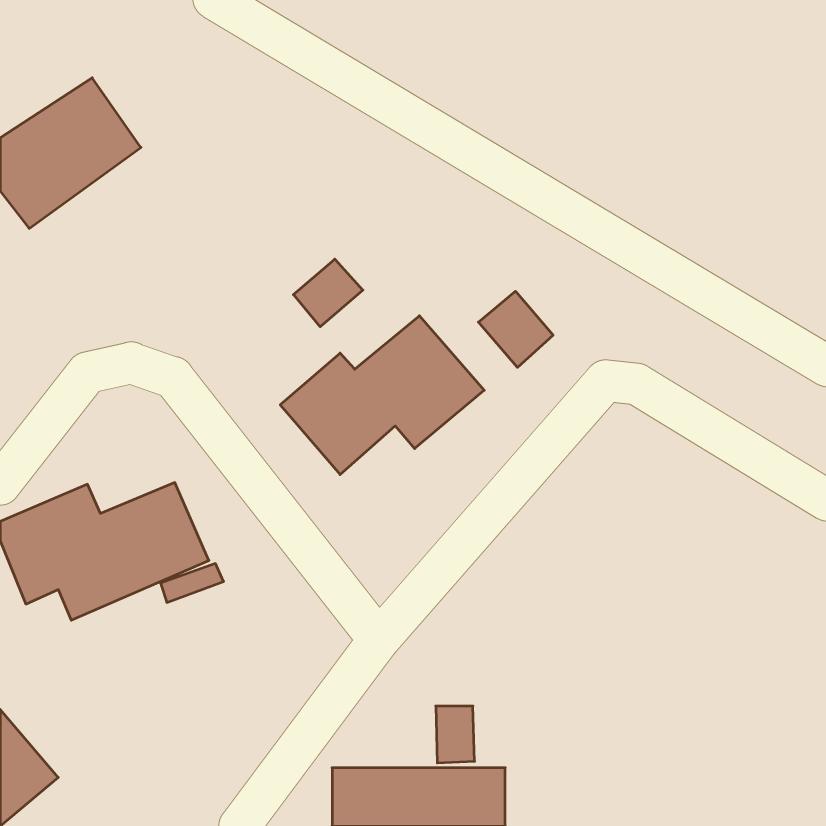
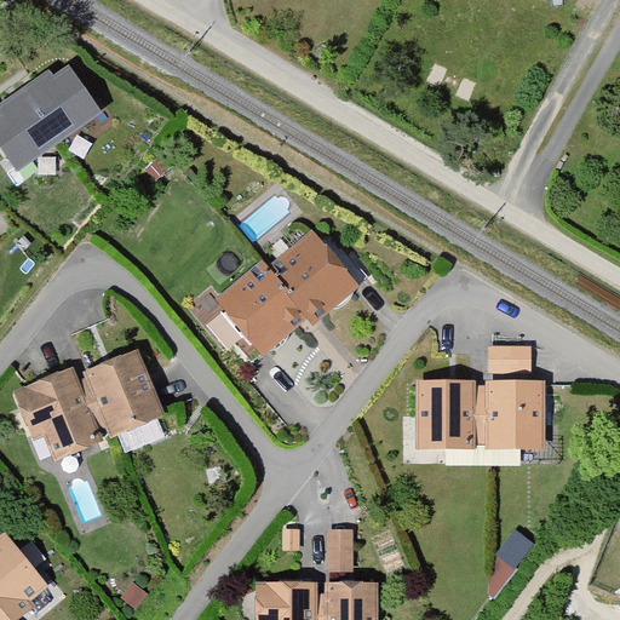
building: [293,259,363,327] -> none
building: [478,291,553,367] -> none
building: none -> [414,346,542,452]

